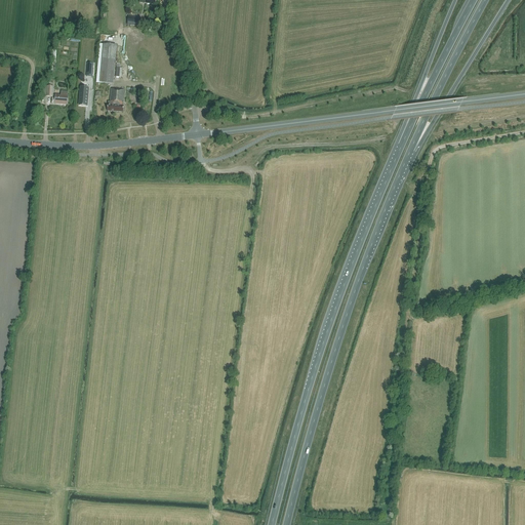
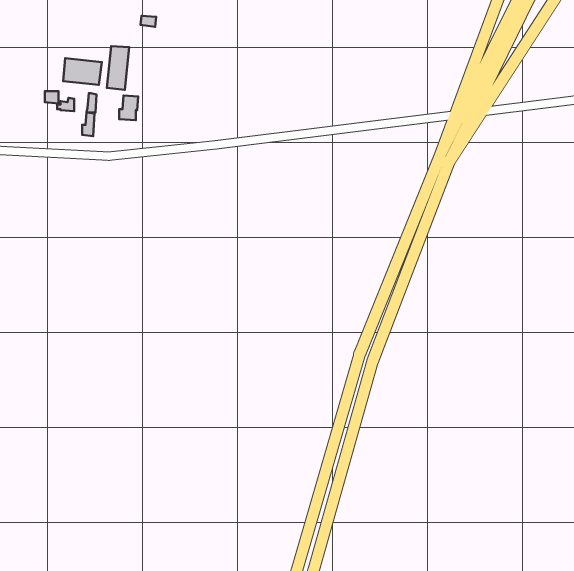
building: none -> [63,58,102,85]

